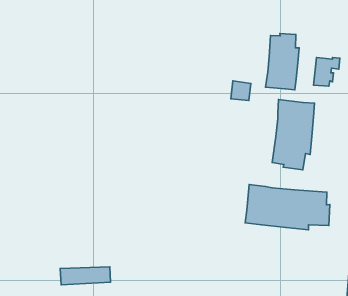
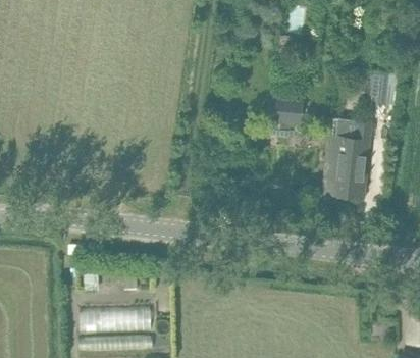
building: [266,33,299,90] -> none
building: [245,184,330,230] -> none

